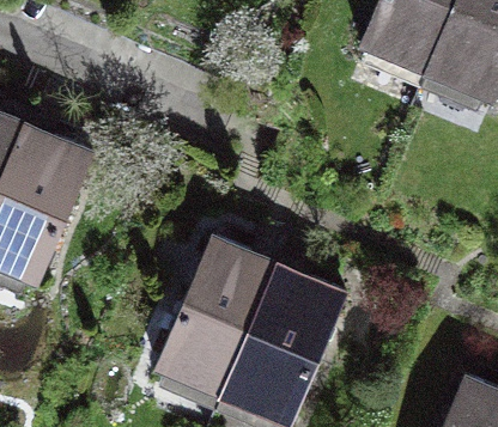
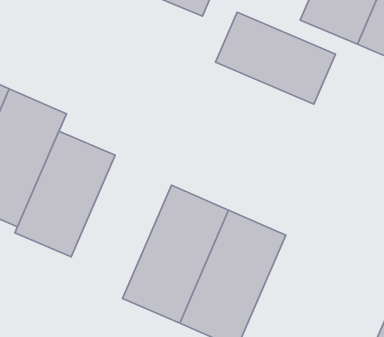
building: none -> [215,12,336,104]
building: none -> [15,131,115,257]

